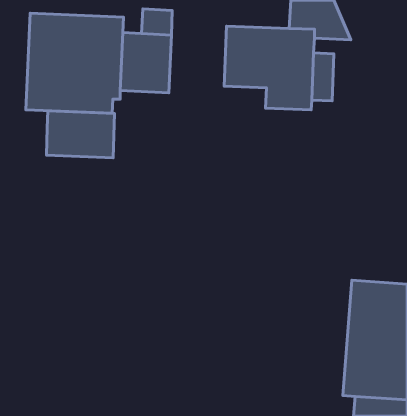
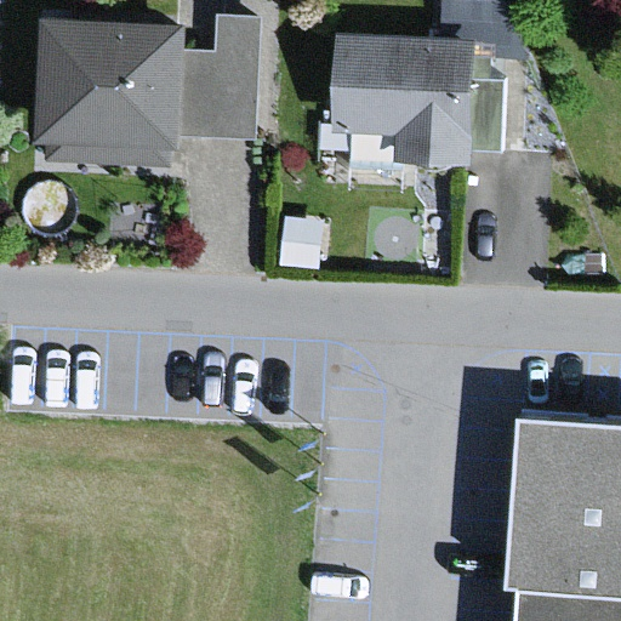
building: [47,111,115,158] -> none

